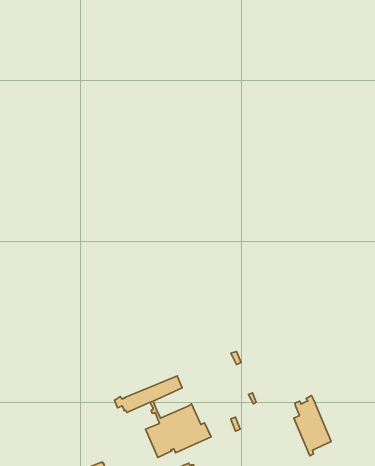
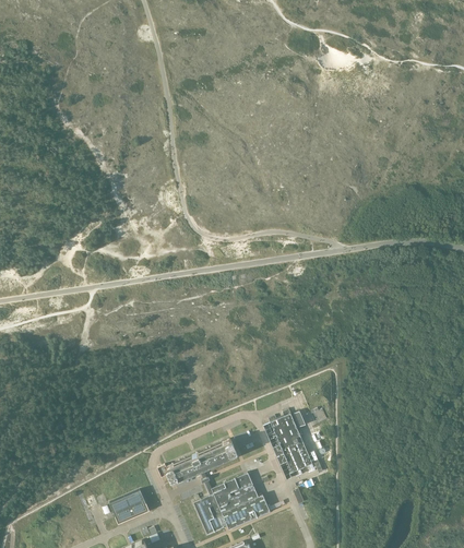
building: [294,396,331,456] -> [270,409,313,479]
building: none -> [111,490,151,524]

